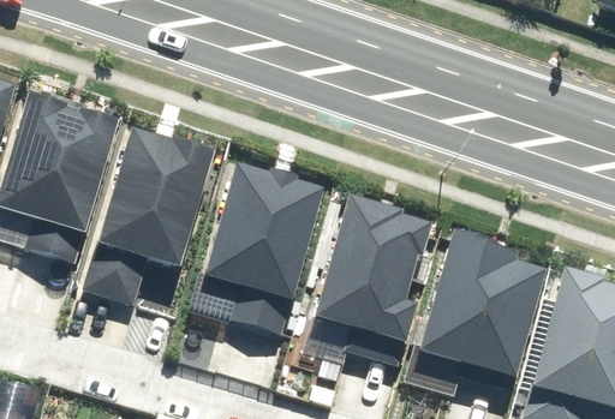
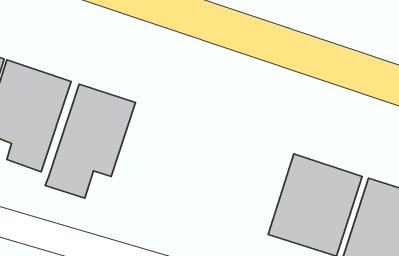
building: [193,163,327,331] -> none
building: [306,200,432,367] -> none

